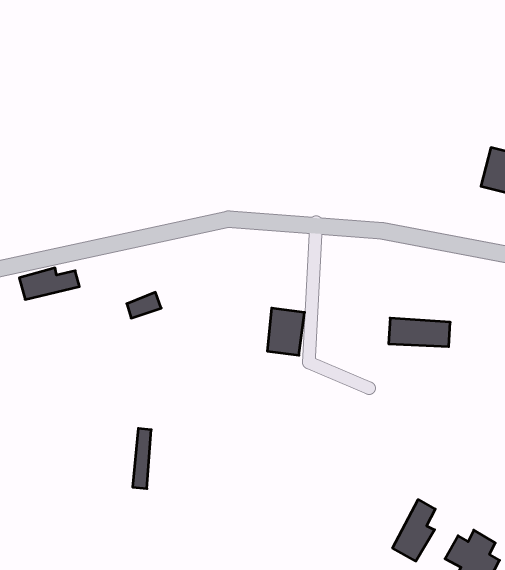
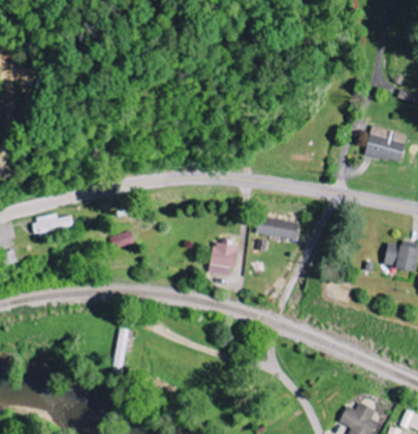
building: [389,318,450,347] -> [255,216,299,237]
building: [393,500,435,561] -> none

